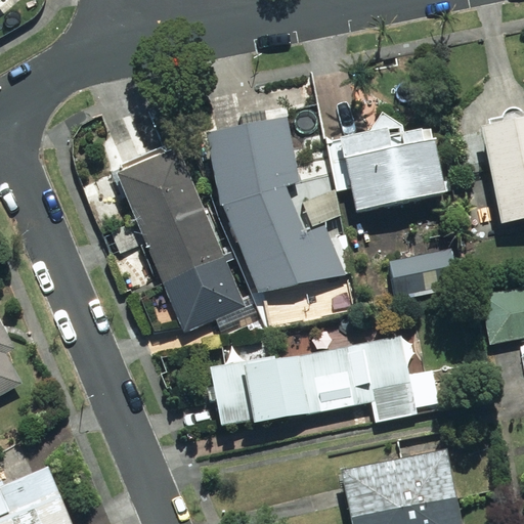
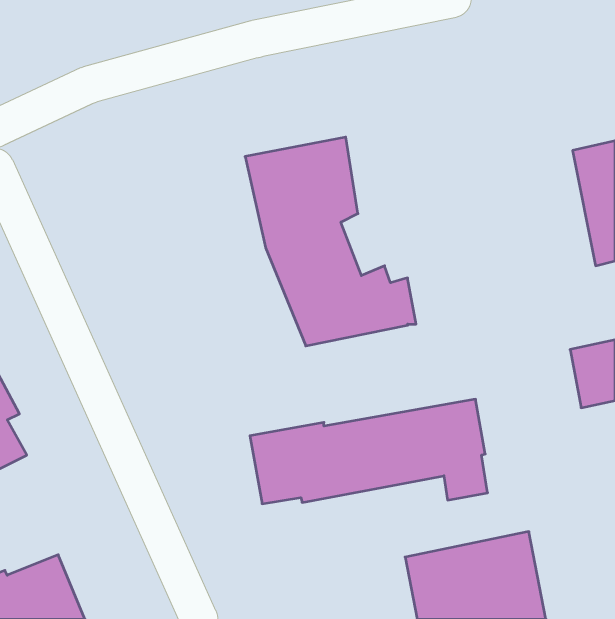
building: [326,113,447,212] -> none
building: [117,148,245,333] -> none
building: [389,249,460,300] -> none

